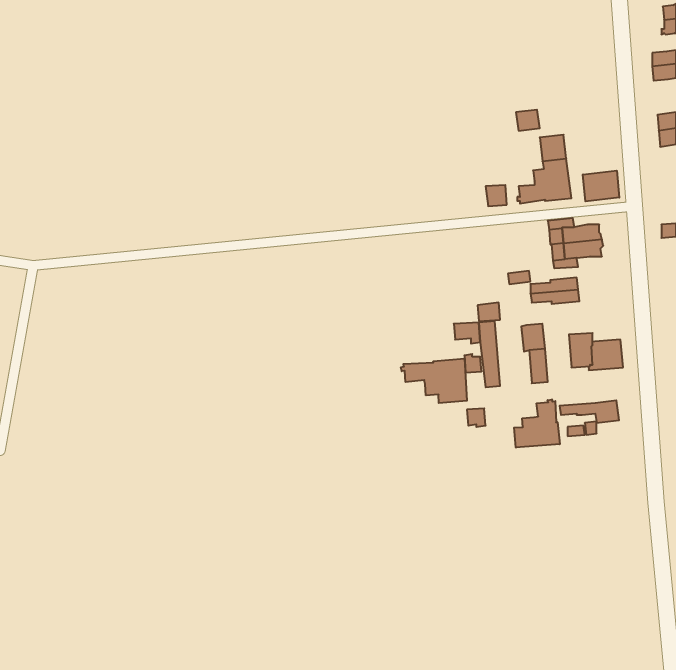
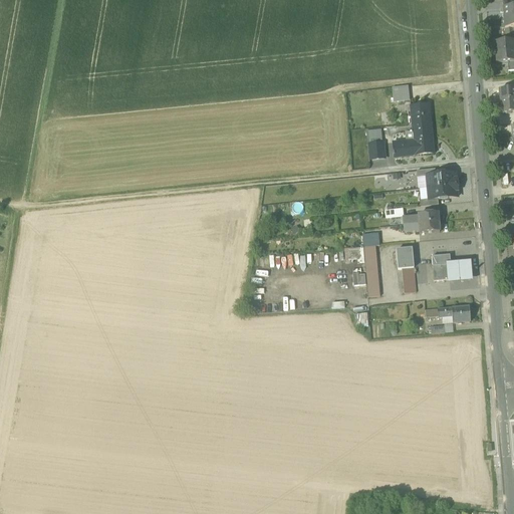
building: [583,171,619,201] -> none
building: [401,358,467,403] -> none
building: [514,399,560,448] -> none

